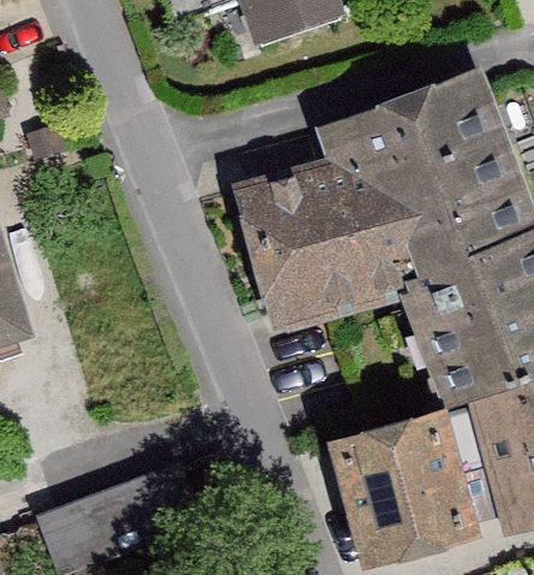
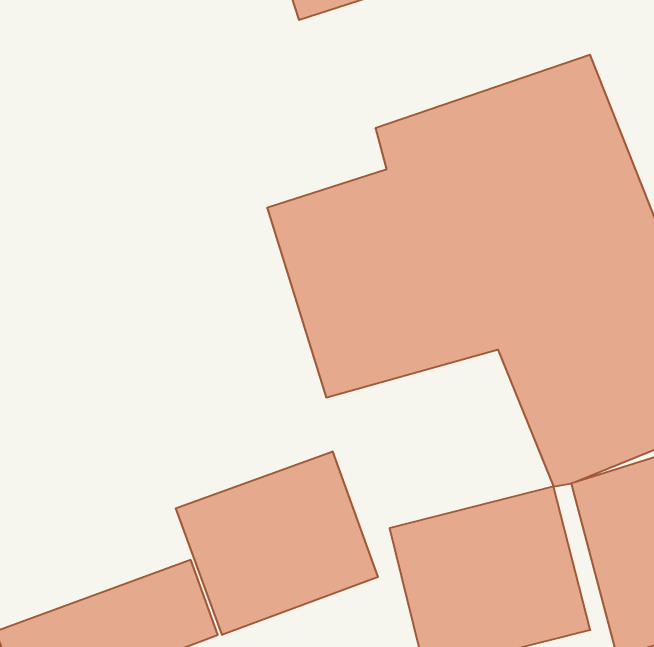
building: none -> [176,451,378,635]

